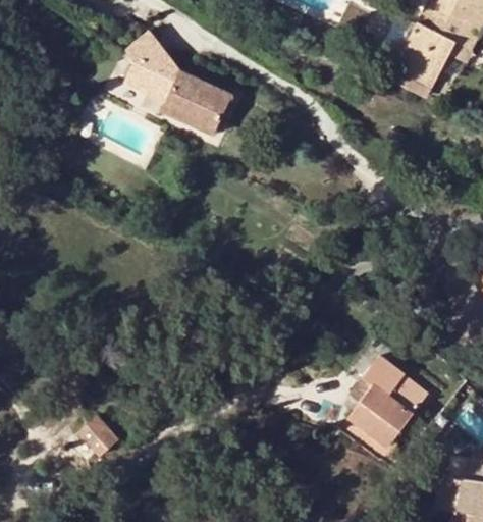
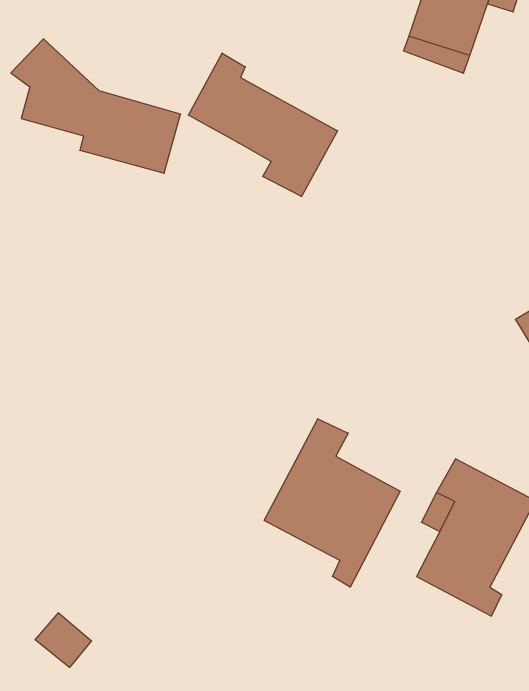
building: none -> [188,53,338,197]
building: none -> [264,419,400,587]

